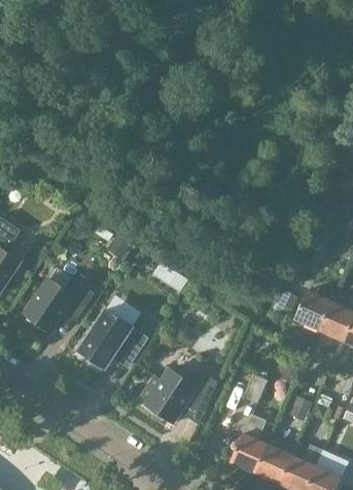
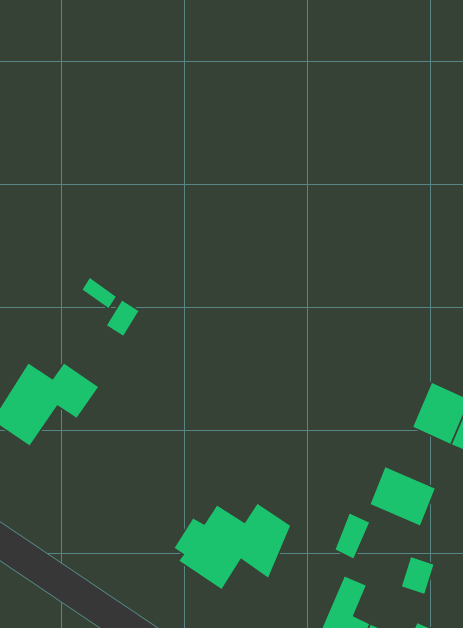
building: [79,309,148,369] -> none
building: none -> [370,466,436,527]

